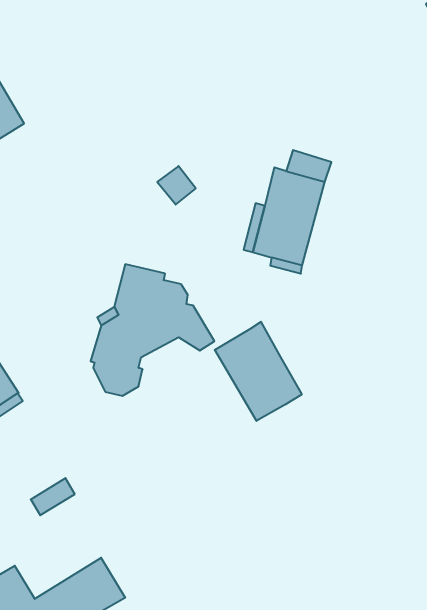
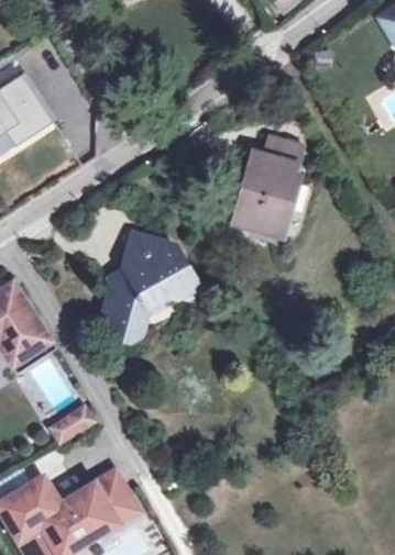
building: [215,322,302,421] -> none

